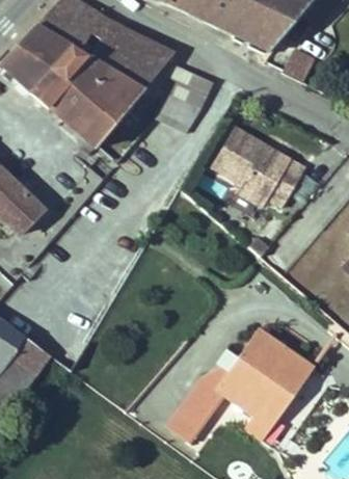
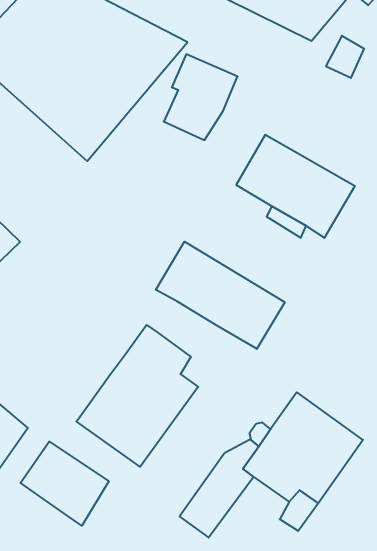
building: none -> [156,242,285,349]
building: none -> [76,325,198,467]
building: none -> [21,441,109,526]

